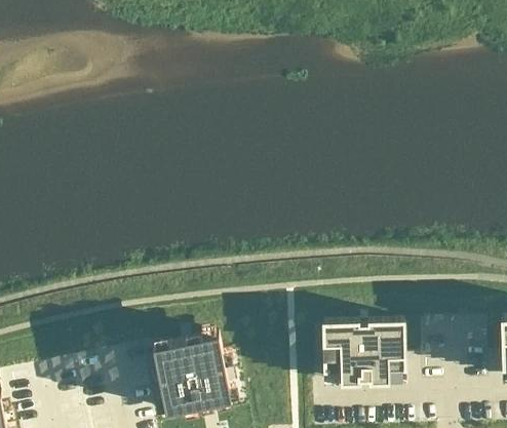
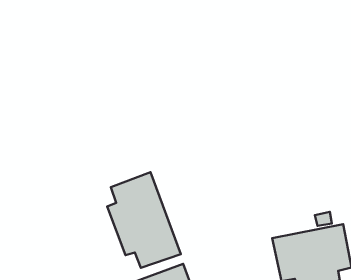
building: none -> [107,172,181,268]

